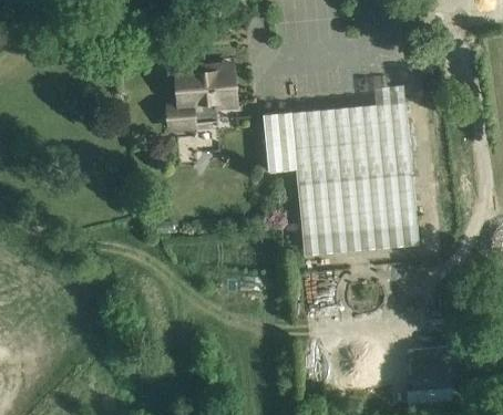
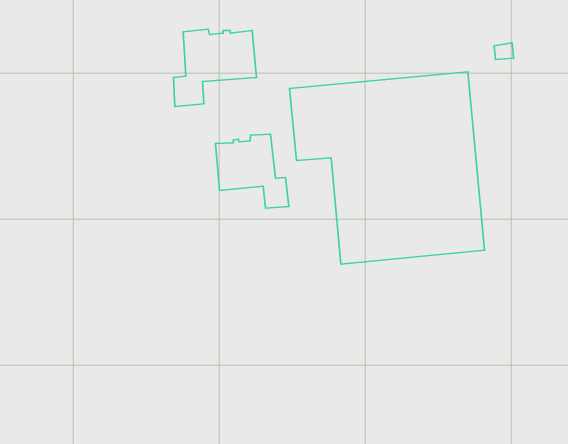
building: none -> [215,134,289,208]

